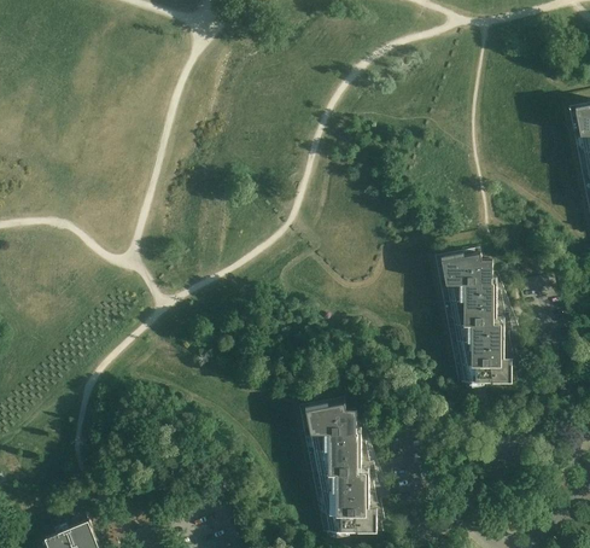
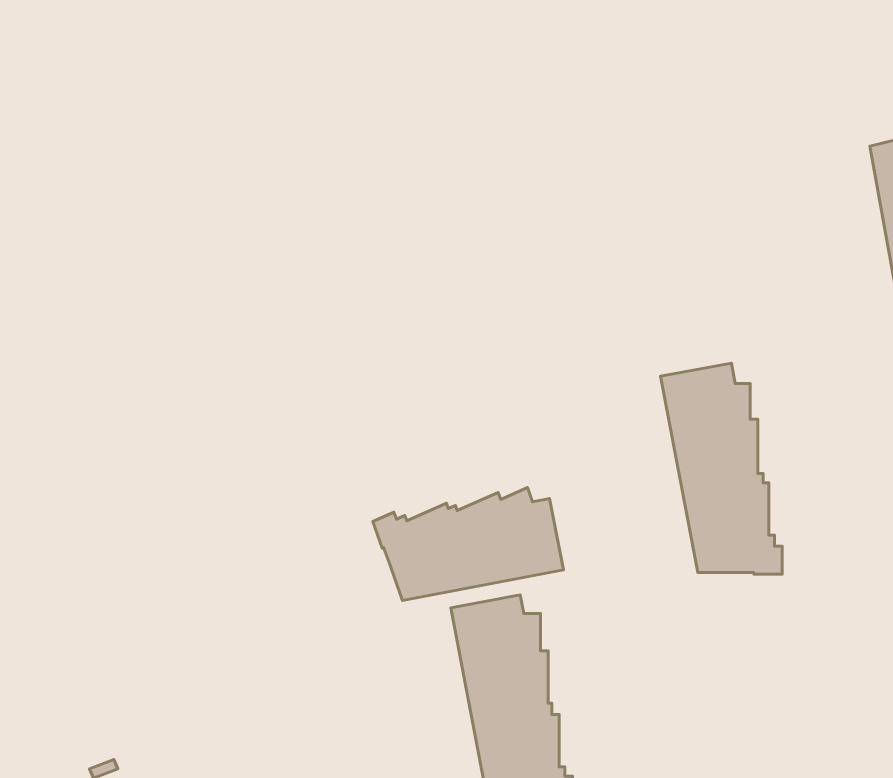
building: none -> [373,488,563,601]

